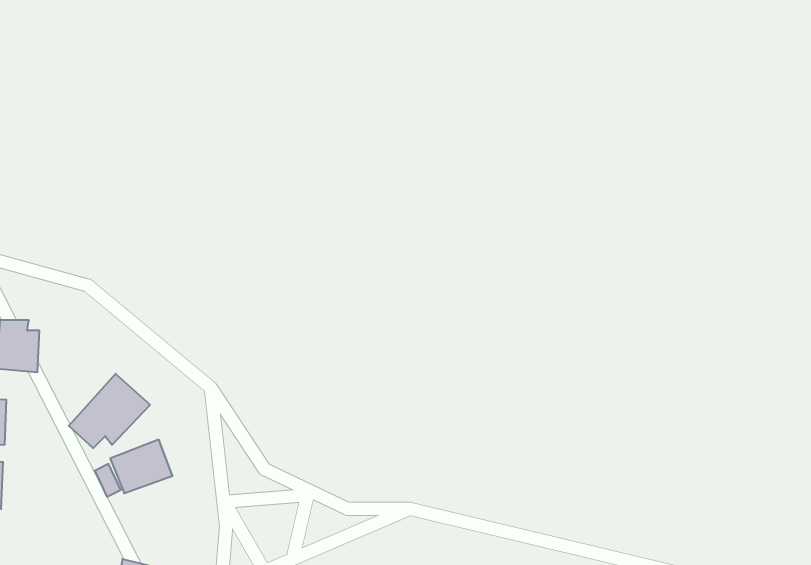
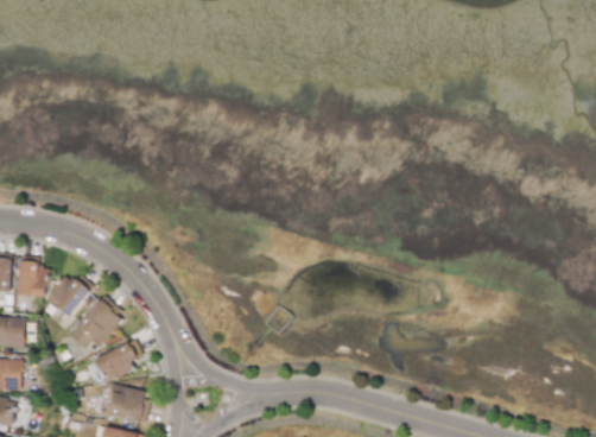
building: none -> [46,273,89,317]
building: none -> [104,384,148,422]

